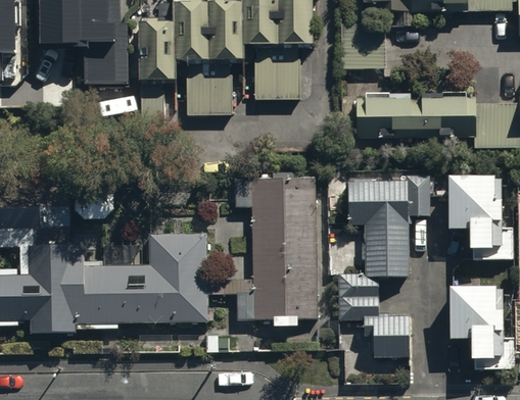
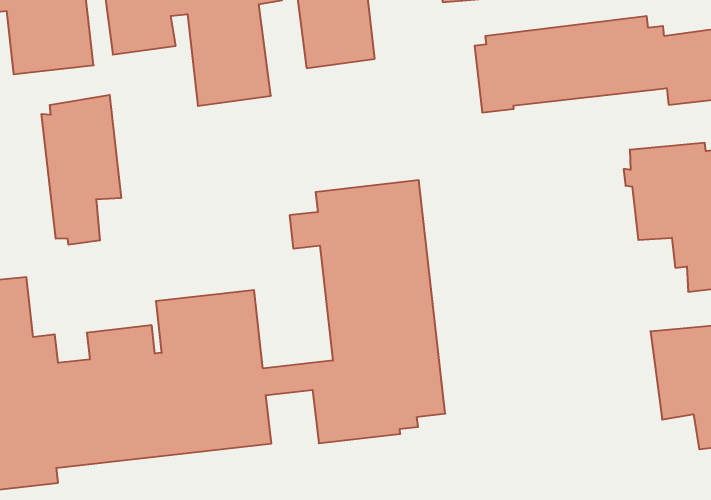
building: none -> [42,95,121,245]
building: [340,179,428,358] -> none

